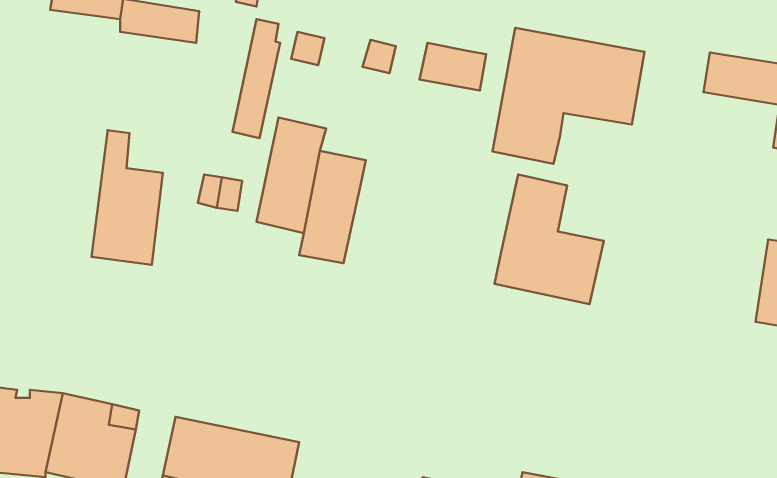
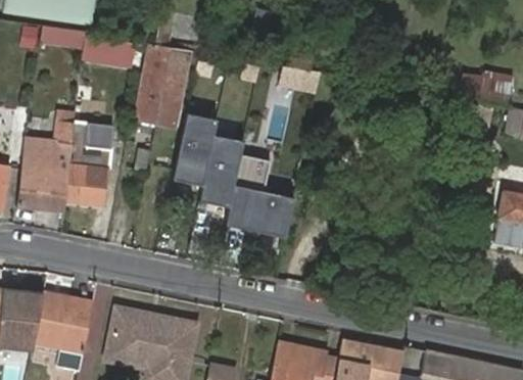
building: none -> [135,45,172,122]
building: [493,28,645,164] -> none
building: none -> [17,120,76,211]
building: [494,174,604,304] -> [224,155,294,239]

